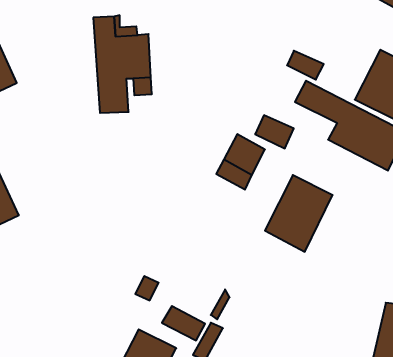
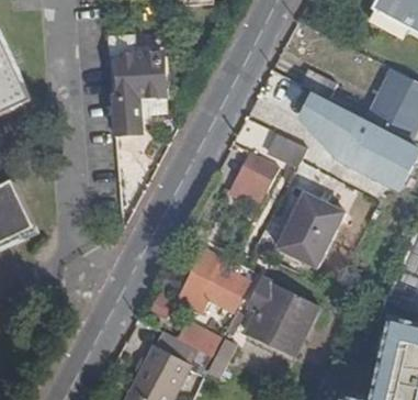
building: none -> [176,246,248,314]
building: none -> [245,278,317,358]

